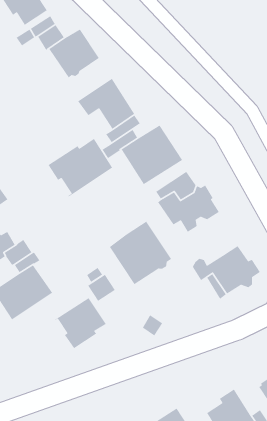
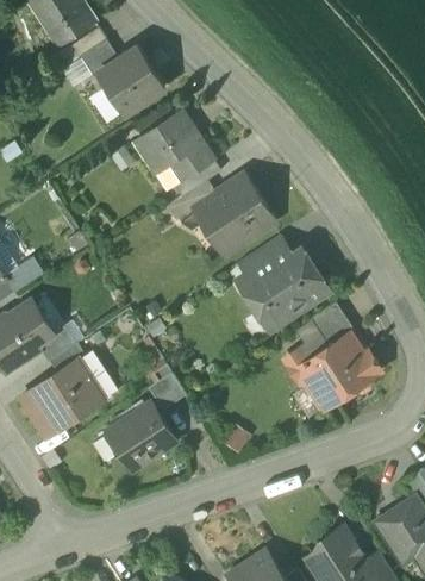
building: [48,138,113,197] -> none
building: [109,220,172,285] -> none
building: none -> [311,302,354,346]

